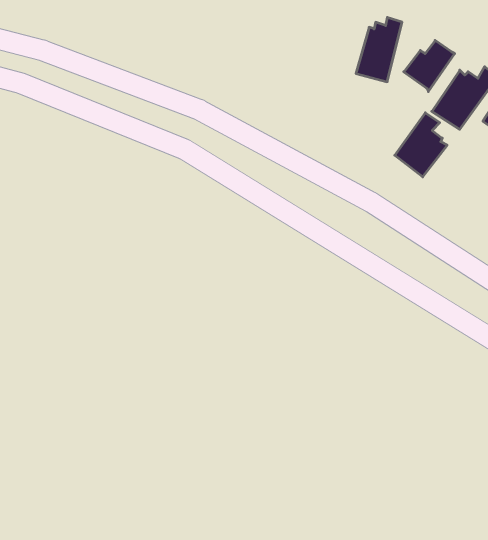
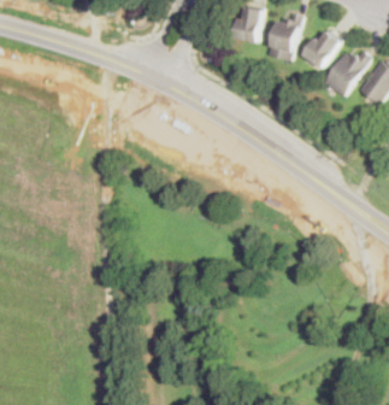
building: none -> [232,7,261,43]
building: [395,113,447,177] -> none

